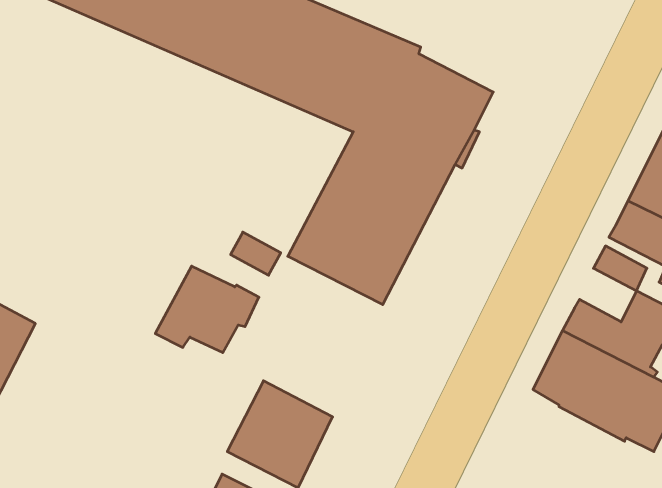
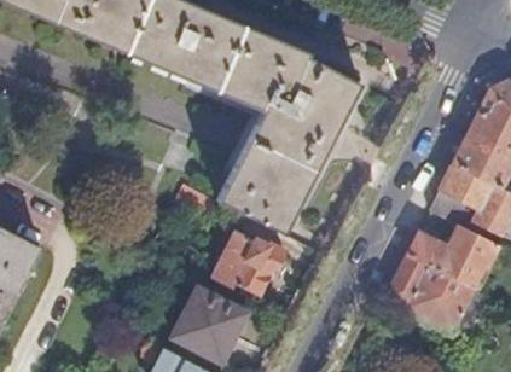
building: [155,266,259,353] -> [211,231,284,291]

